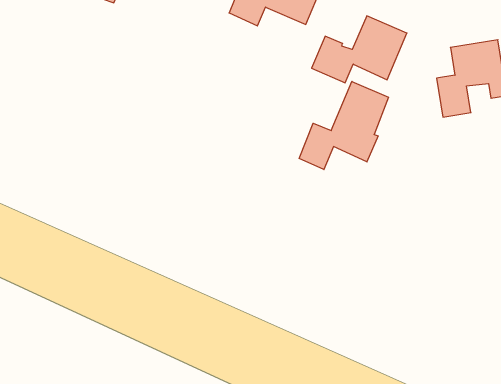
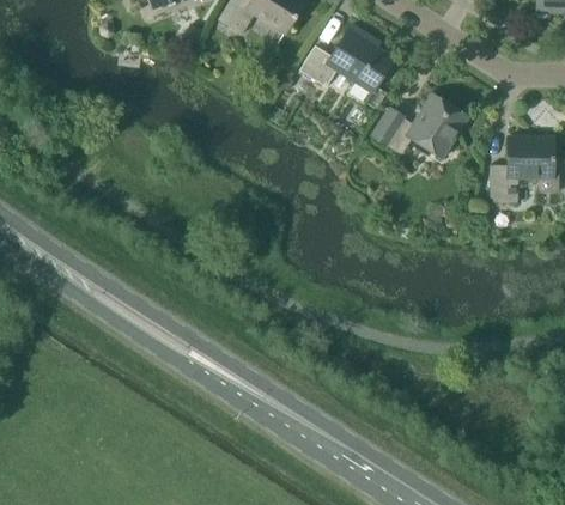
building: [299,81,389,170] -> none

